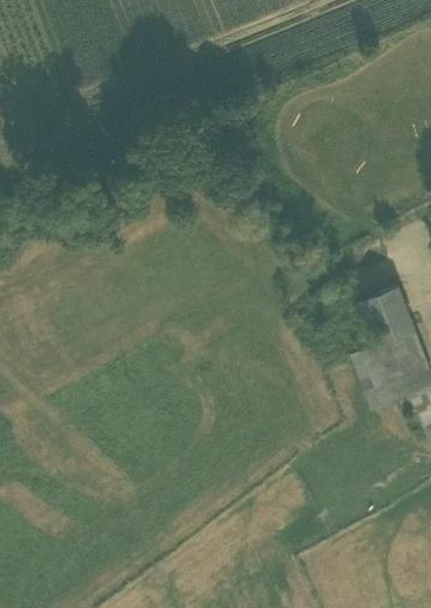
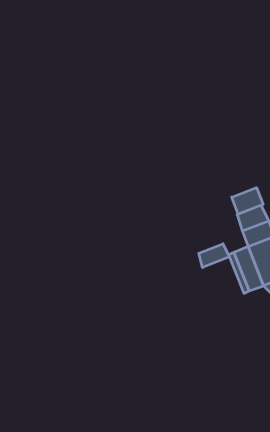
building: none -> [232,188,263,214]
building: none -> [199,244,229,268]

